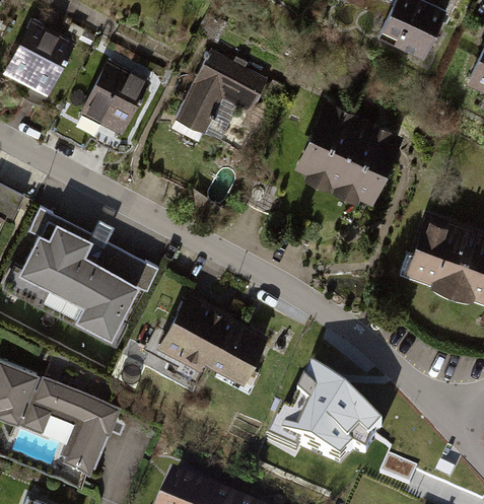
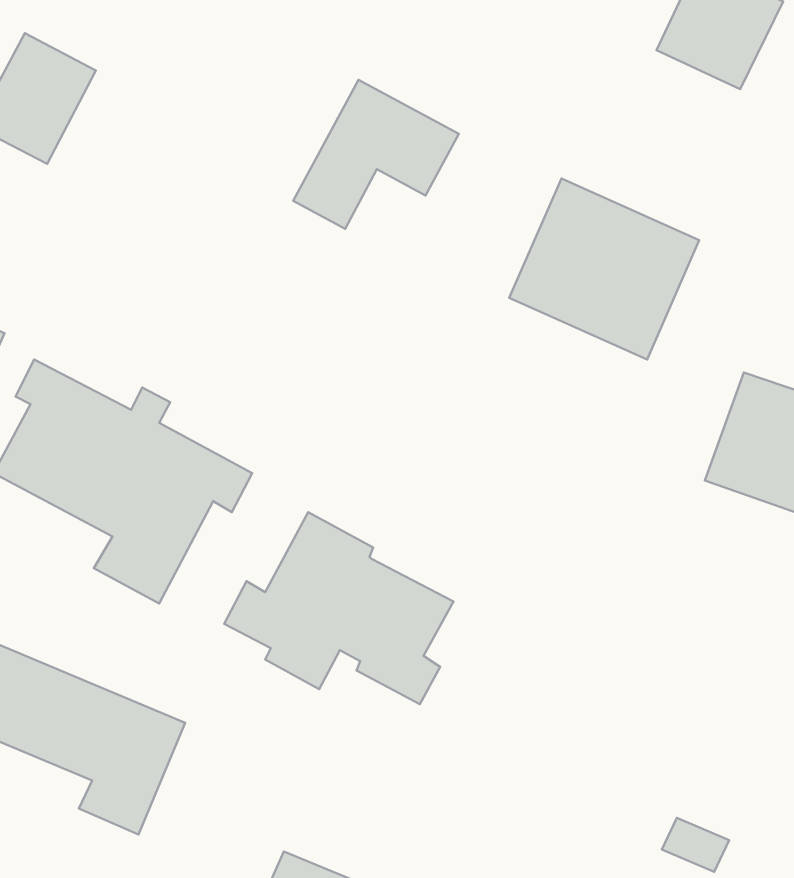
building: [81,67,147,138] -> none
building: [265,367,381,463] -> none

